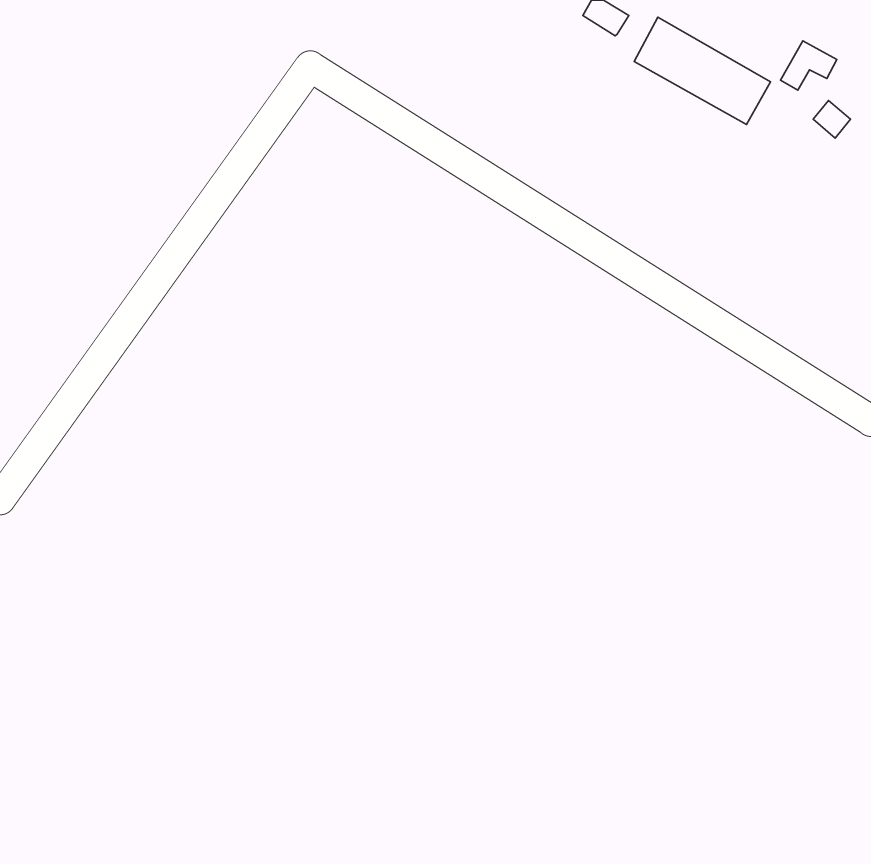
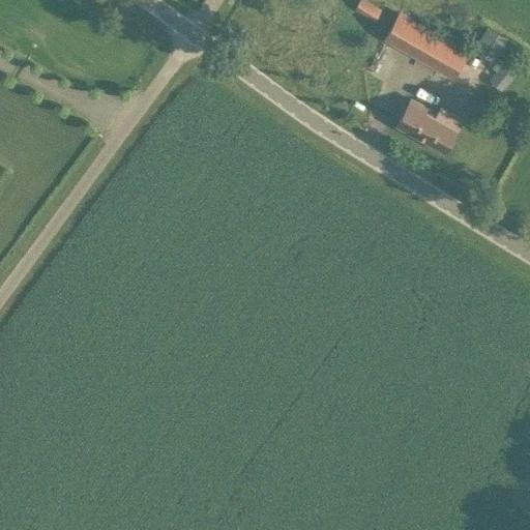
building: none -> [398,101,460,153]

